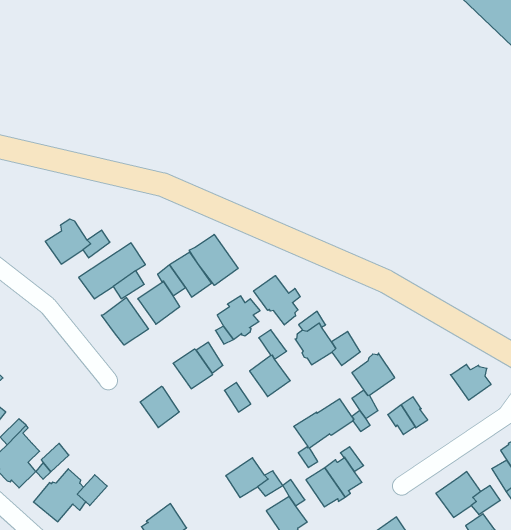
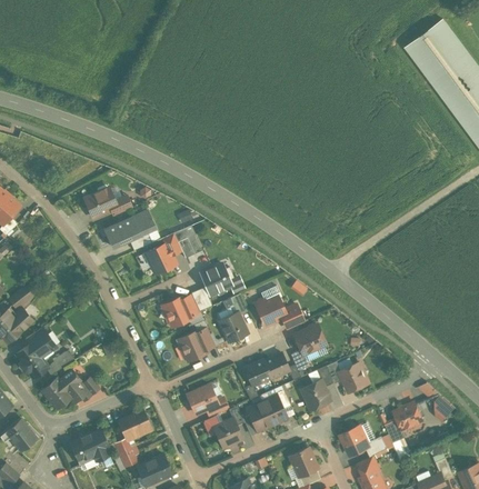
building: [189,234,238,285] -> none
building: [254,276,300,325] -> none
building: [101,298,148,345] -> none
building: [450,364,491,400] -> [339,366,368,392]
building: [140,386,179,428] -> [178,331,206,361]
building: none -> [301,380,329,410]

